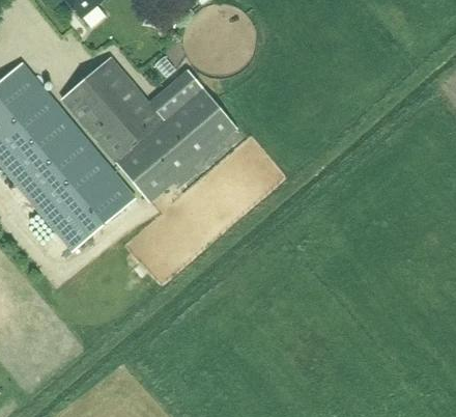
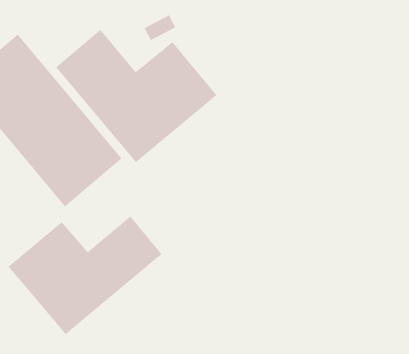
building: none -> [8,215,162,335]

